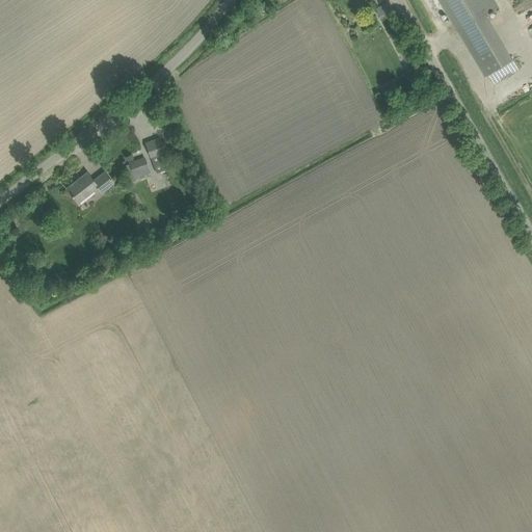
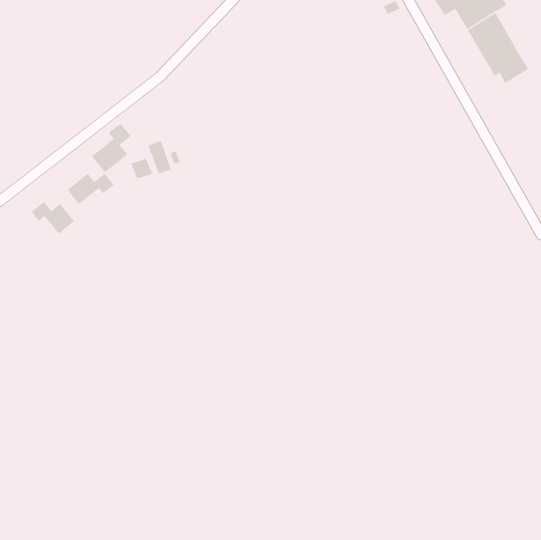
building: none -> [91,122,132,173]
building: none -> [31,201,75,234]

